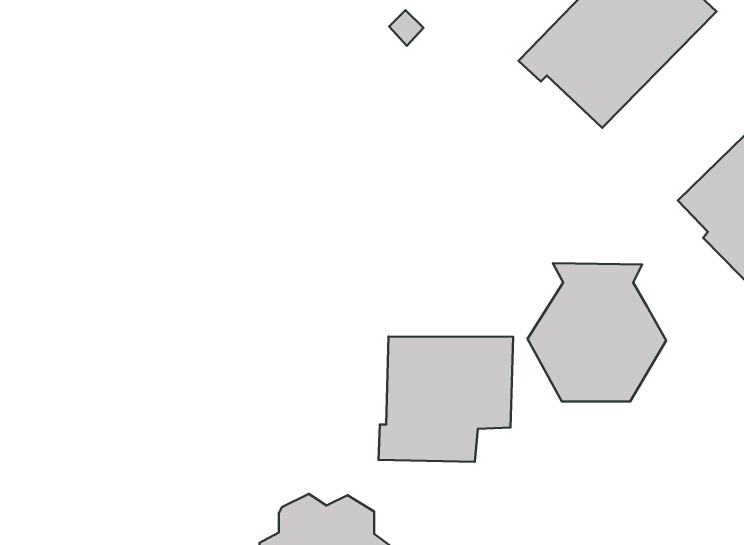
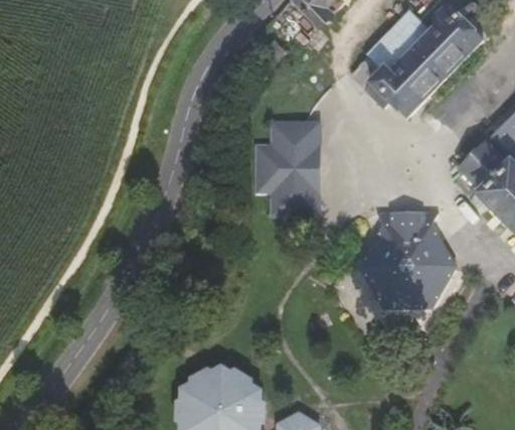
building: none -> [256,121,323,218]
building: [379,336,513,462] -> none

